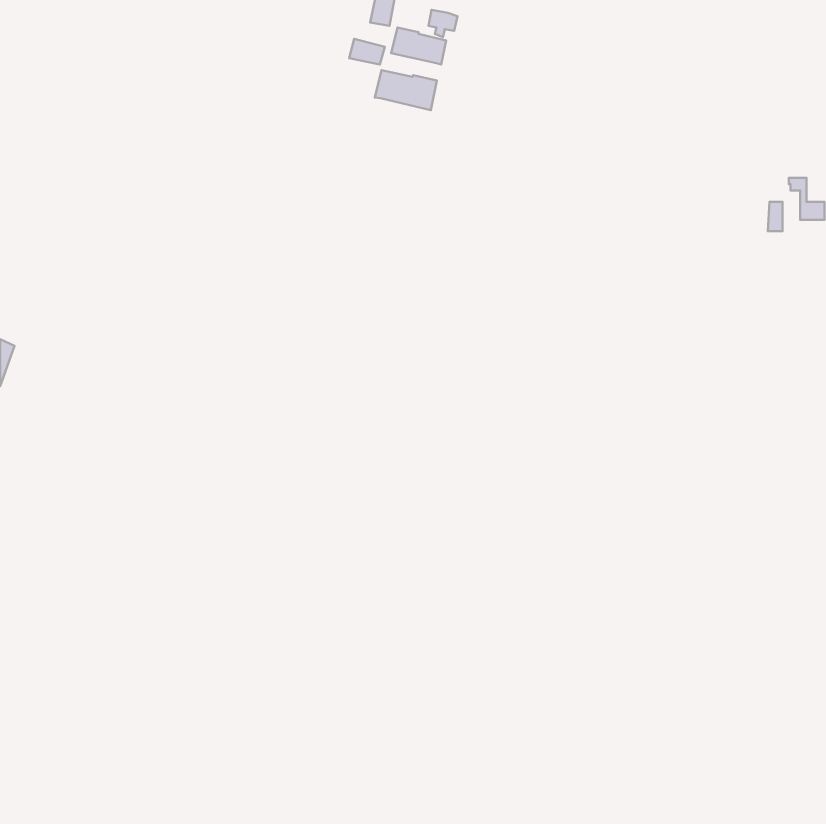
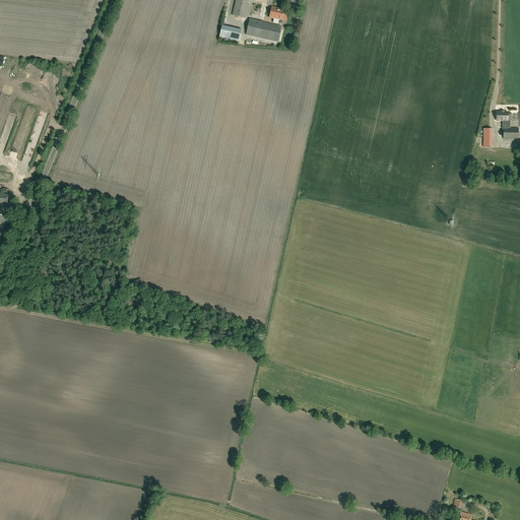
building: [375,70,437,110] -> none

